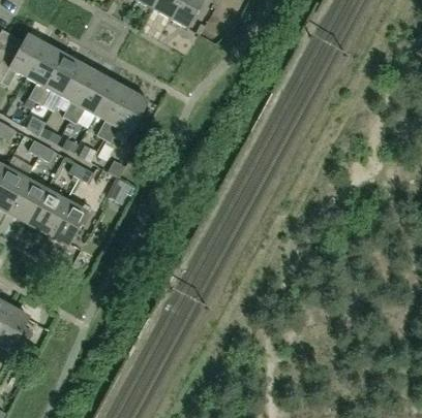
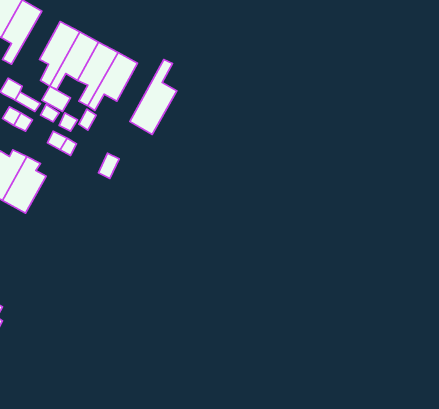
building: [36,54,80,105] -> none
building: none -> [130,60,177,135]
building: [49,198,90,246] -> none

